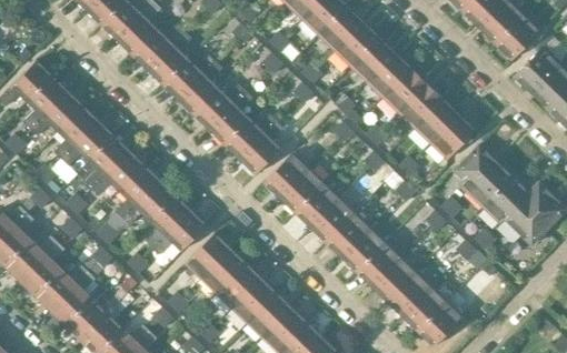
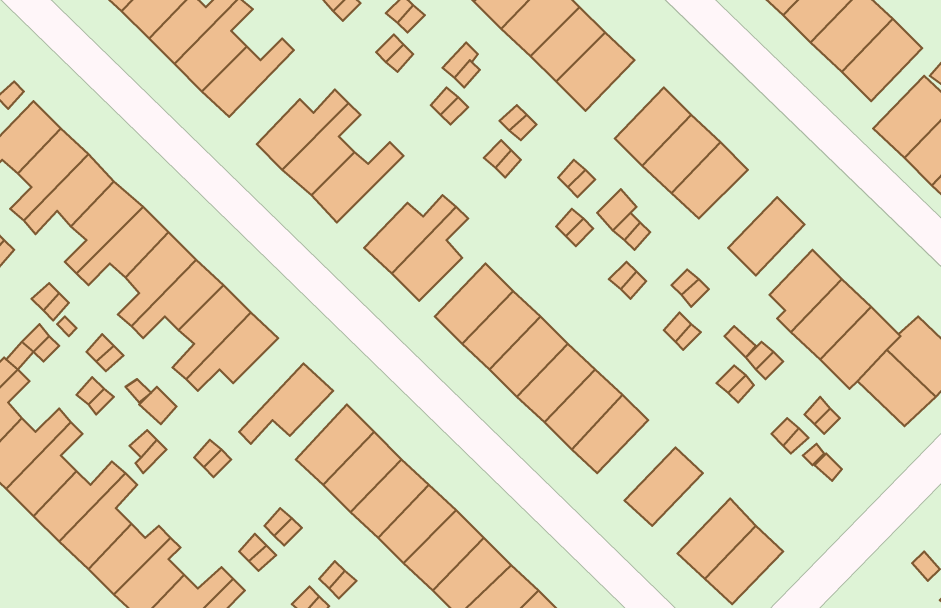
building: [148,31,191,84] -> none
building: [350,37,395,81] -> none
building: [209,91,252,143] -> none
building: [415,99,459,143] -> none
building: [147,194,190,248] -> none
building: [357,241,401,286] -> none
building: [388,271,432,316] -> none

